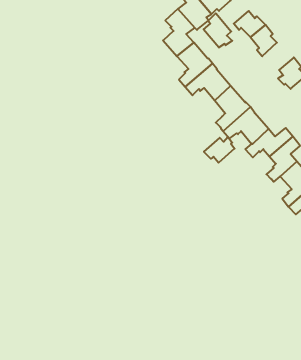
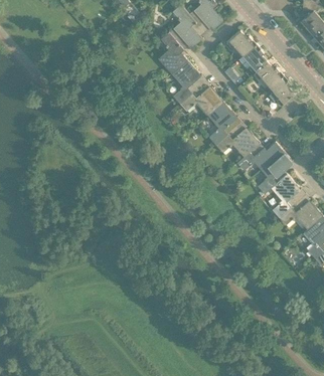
building: [204,13,232,48] -> none
building: none -> [253,60,283,86]
building: [204,137,235,163] -> none

